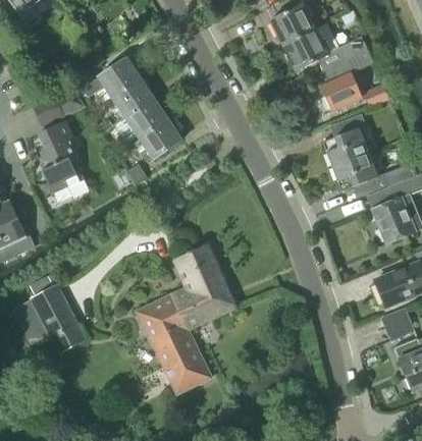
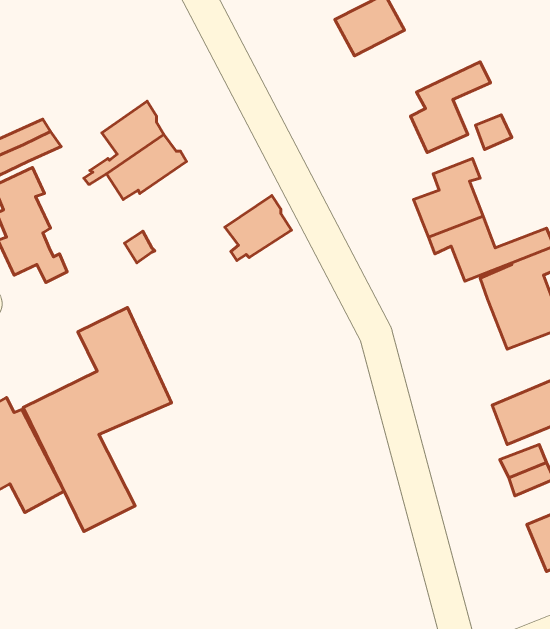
building: [281,22,366,70] -> none
building: [83,57,142,97] -> none
building: [137,116,181,160] -> [225,195,291,260]
building: [136,243,235,394] -> [23,308,171,531]

